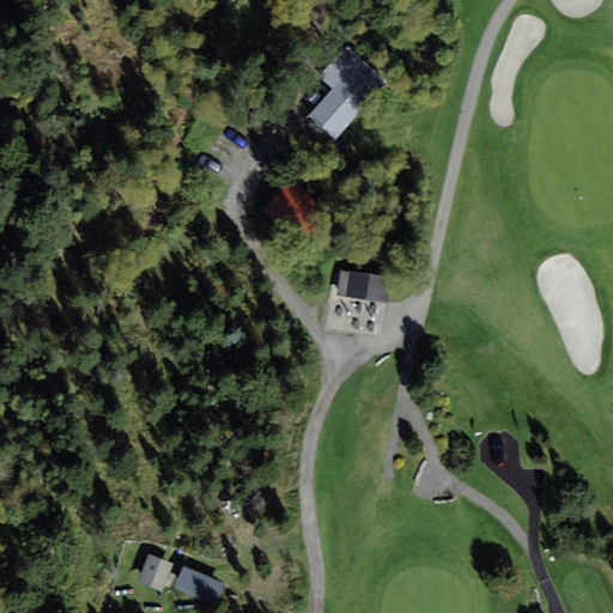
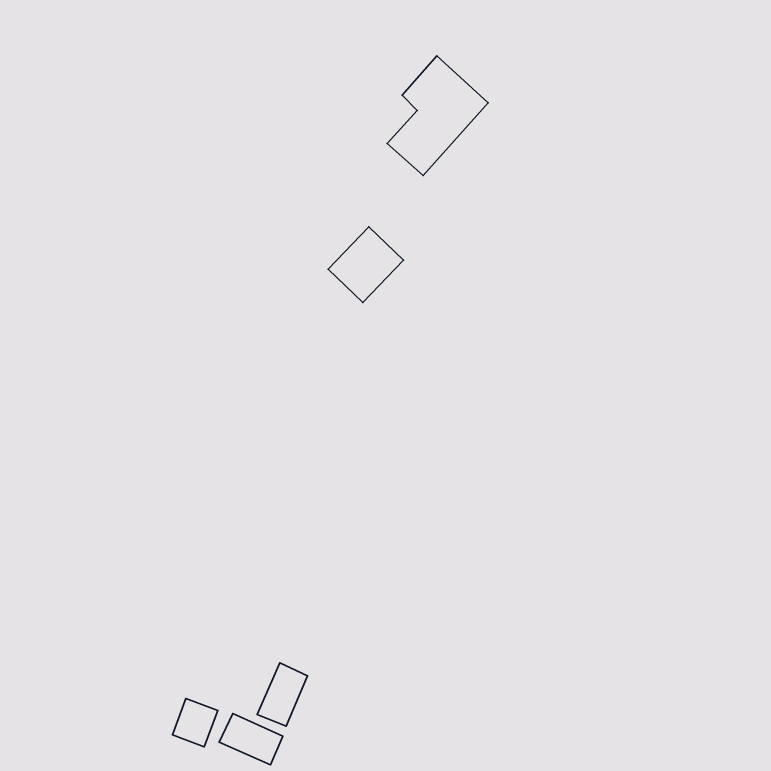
building: [336,271,389,302] -> none
building: none -> [257,663,308,726]

